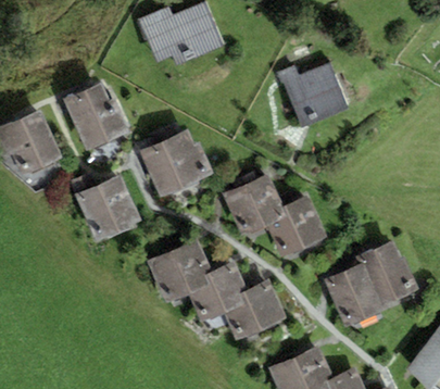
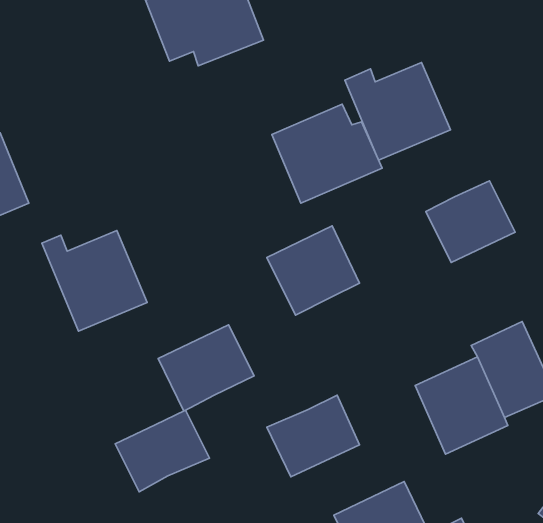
building: [63,84,128,151] -> none
building: [138,129,213,197] -> [272,104,382,203]
building: [266,200,327,255] -> [426,181,515,263]
building: [187,264,251,319] -> [115,410,209,492]

